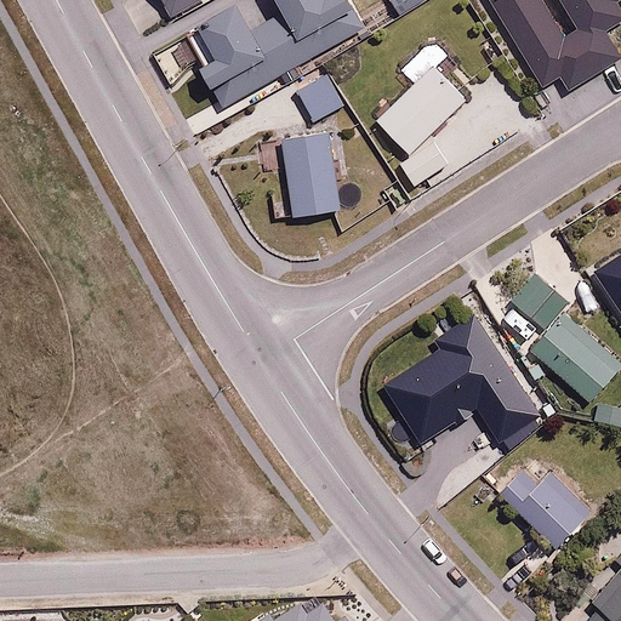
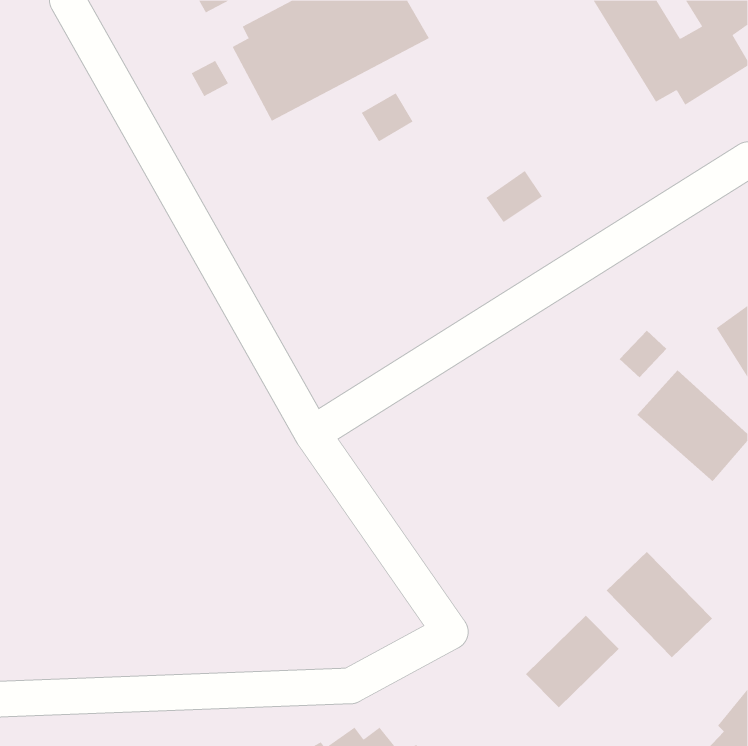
building: [377,65,467,154] -> none
building: [274,136,341,215] -> none
building: [384,314,537,448] -> none
building: none -> [525,615,619,708]

